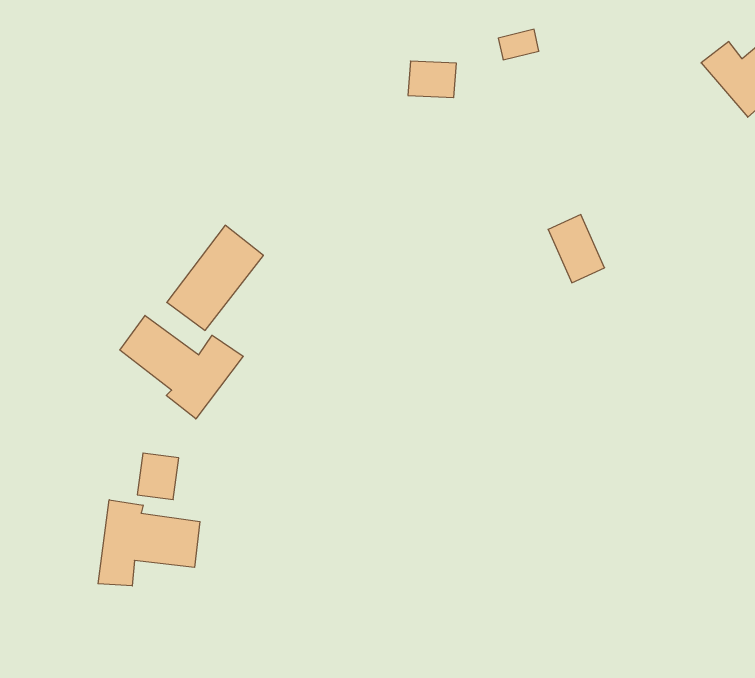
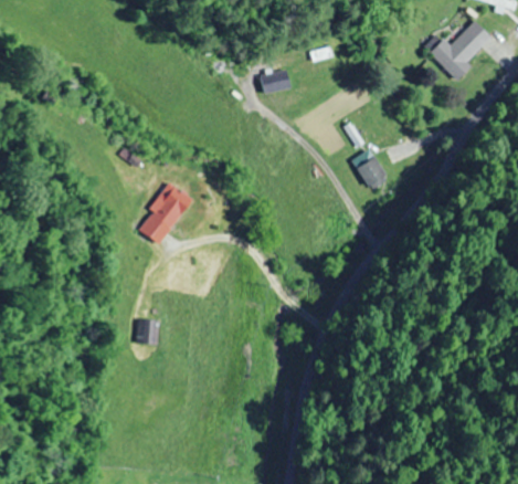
building: [120,315,243,419] -> none
building: [98,500,200,586] -> none

